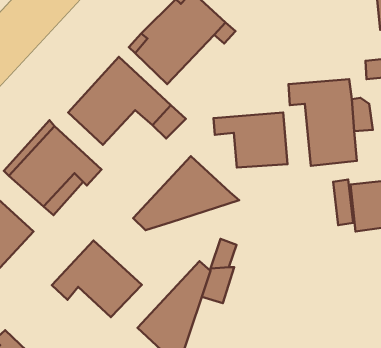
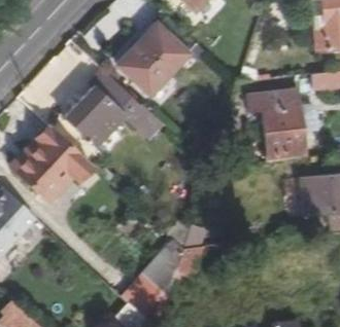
building: [213,112,287,168] -> none
building: [133,156,239,230] -> none
building: [52,240,142,317] -> none

